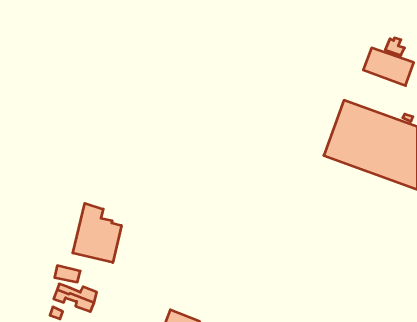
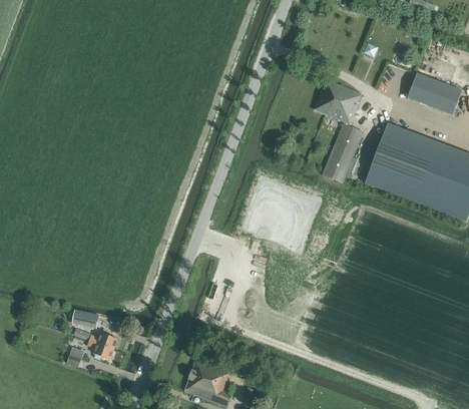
building: none -> [315,78,363,181]
building: [73,203,121,263] -> none

